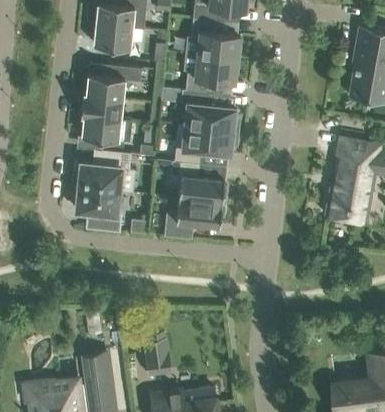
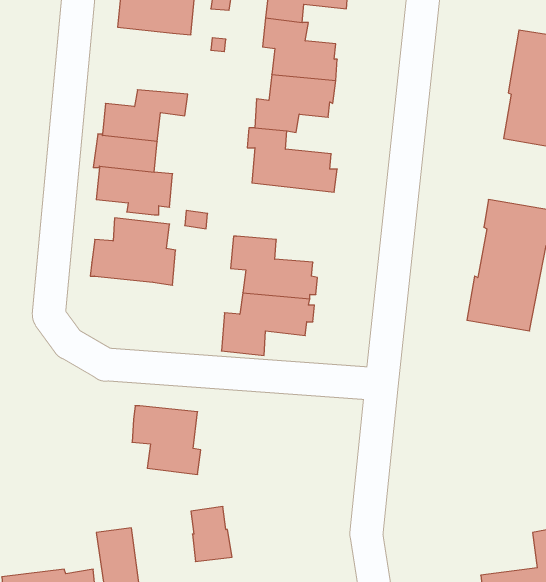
building: [94,24,132,49] -> none
building: [174,126,238,163] -> none
building: [76,187,121,232] -> [132,406,201,474]

